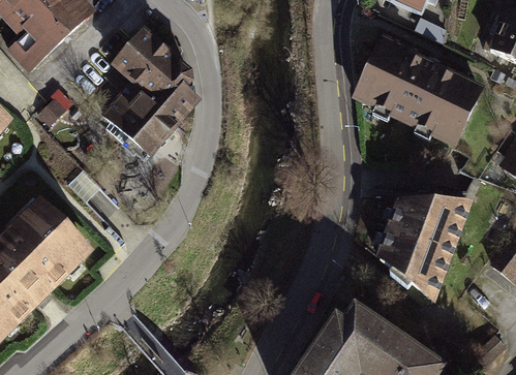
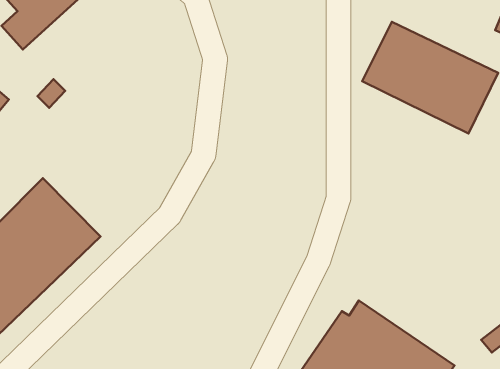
building: [101,25,202,156] -> none
building: [371,196,474,304] -> none

